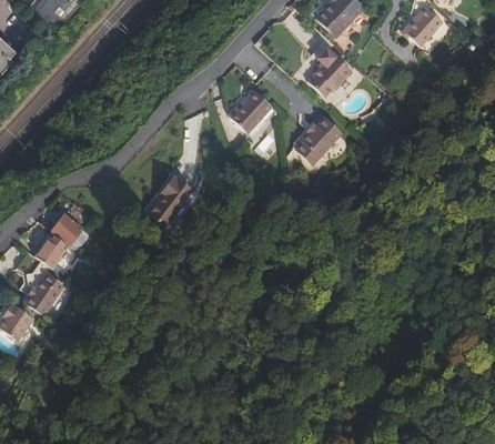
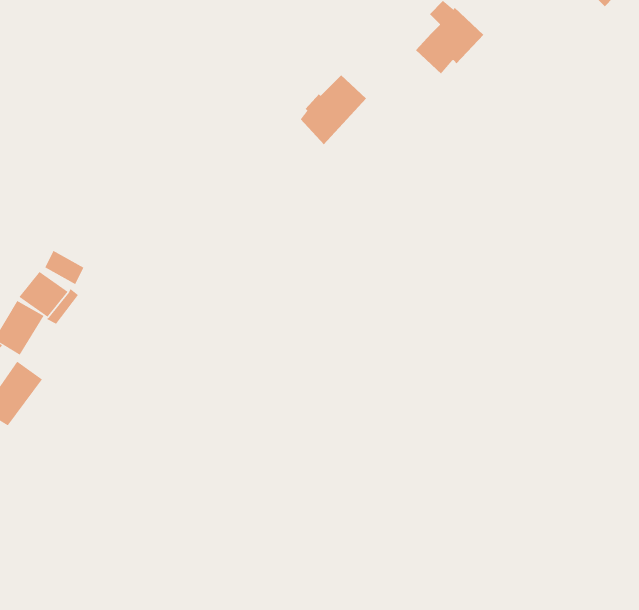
building: [294,115,341,165] -> none
building: [151,173,193,224] -> none

